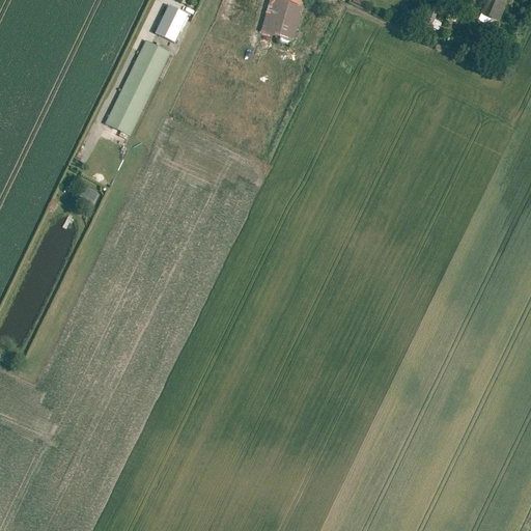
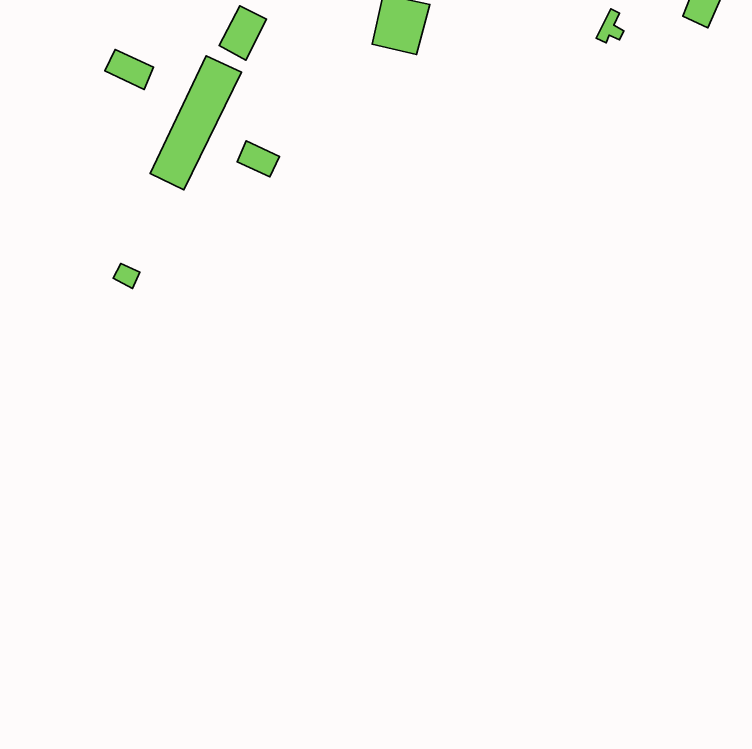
building: none -> [105,49,154,90]
building: none -> [237,141,279,177]

